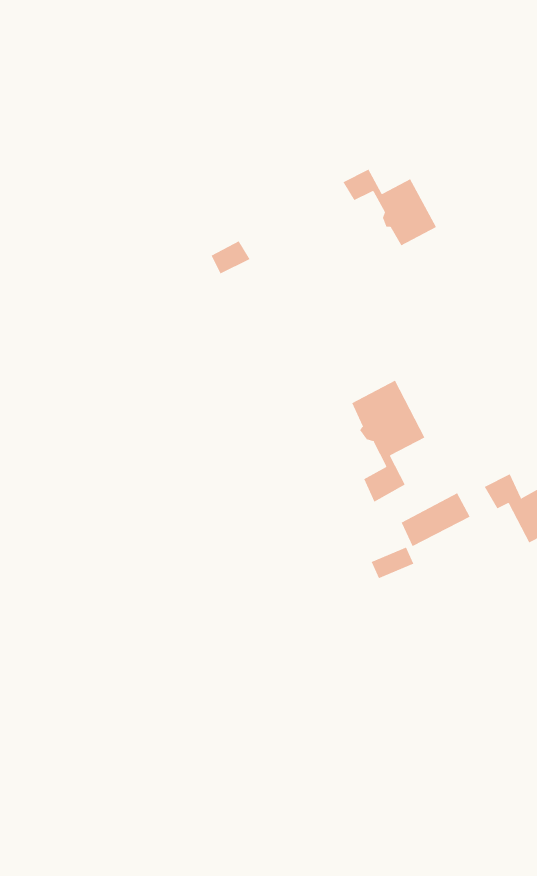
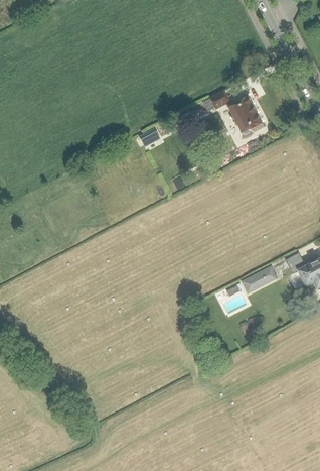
building: [352,380,425,502] -> none

